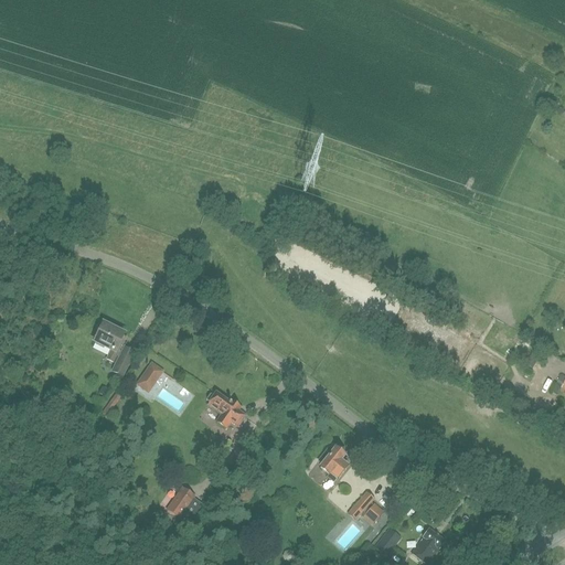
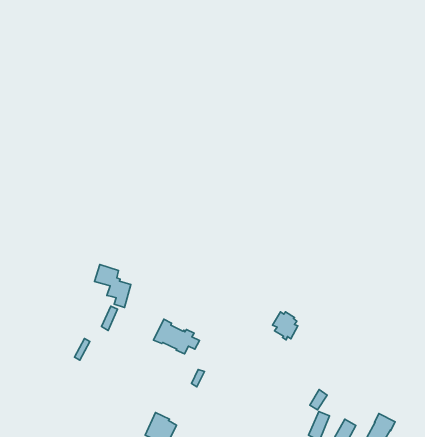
building: [95,321,135,373] -> [94,265,131,307]
building: [319,445,347,477] -> [273,312,298,340]

